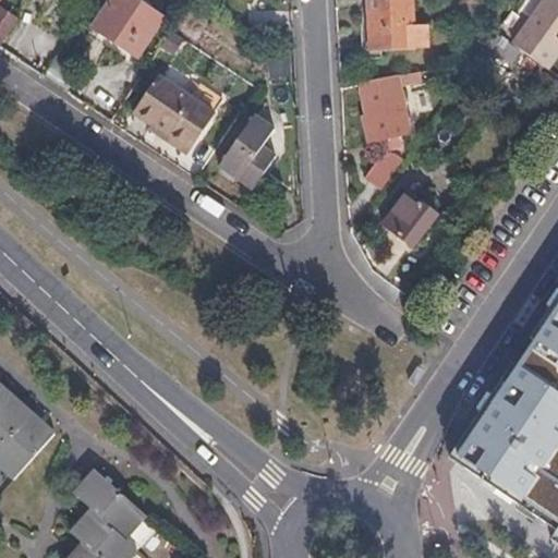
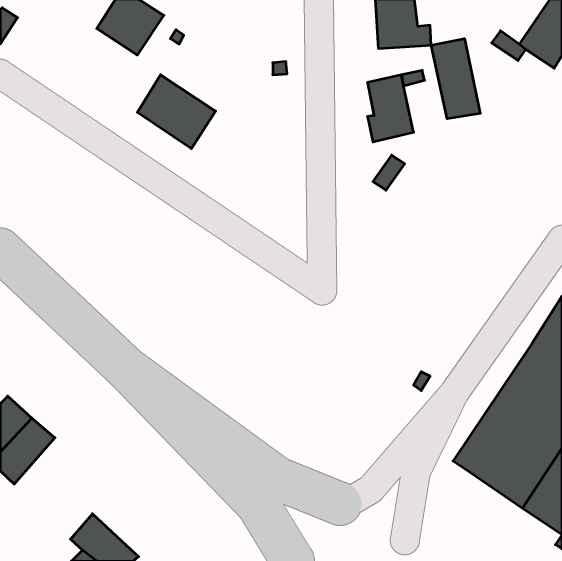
building: none -> [431,39,480,119]
building: [219,113,278,189] -> none
building: [381,189,439,246] -> none
building: [74,470,146,541] -> none

